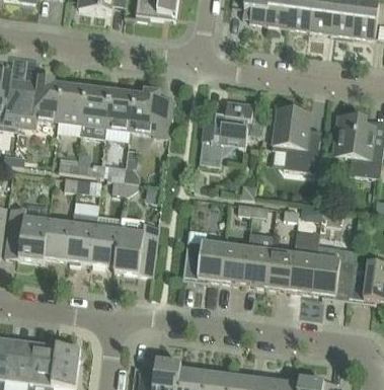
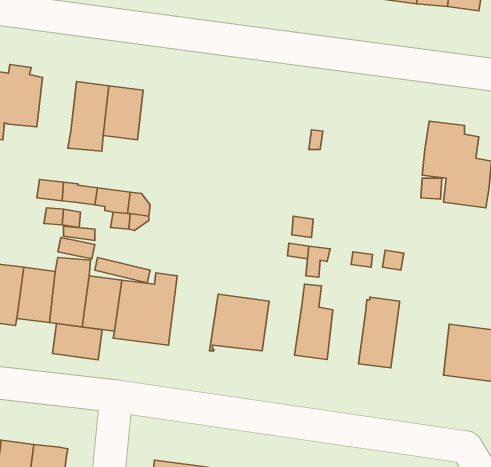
building: [58,84,86,123] -> none
building: [130,89,172,137] -> none
building: [199,100,253,166] -> none
building: [272,107,319,172] -> none
building: [219,244,247,283] -> none
building: [311,245,355,297] -> none
building: [265,250,293,289] -> none
building: none -> [53,324,102,360]

